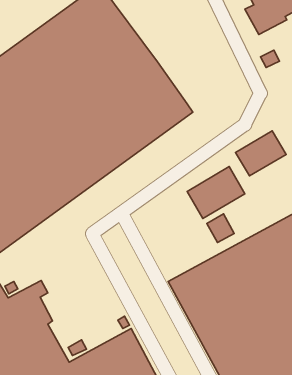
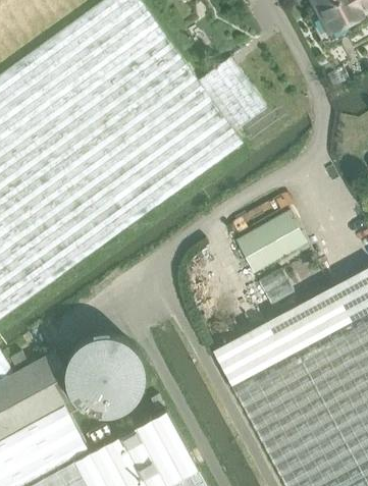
building: none -> [199,58,267,132]
building: [235,131,286,176] -> none
building: none -> [65,333,146,413]

